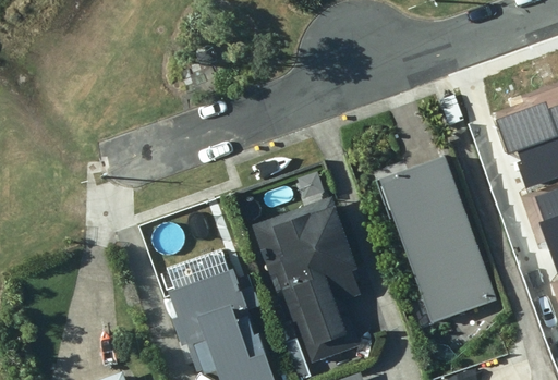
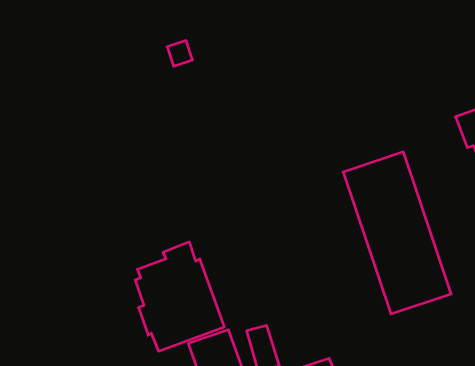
building: [253,197,369,359] -> none

